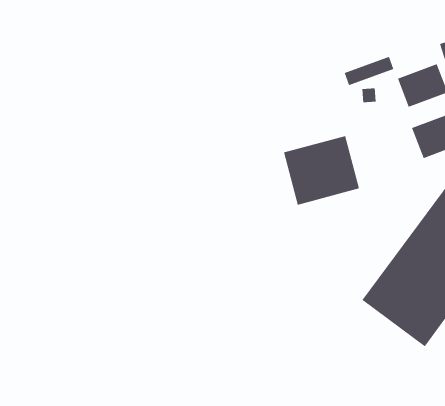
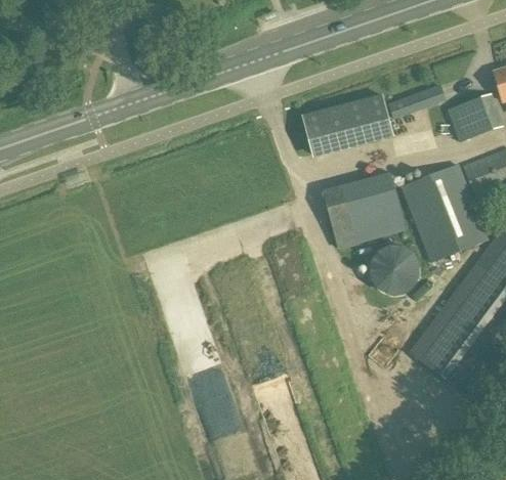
building: none -> [302,94,392,154]
building: none -> [400,163,490,262]
building: none -> [371,245,420,294]

